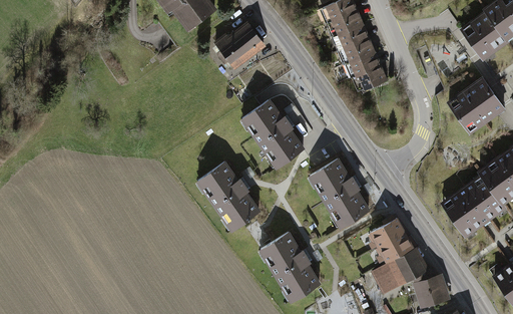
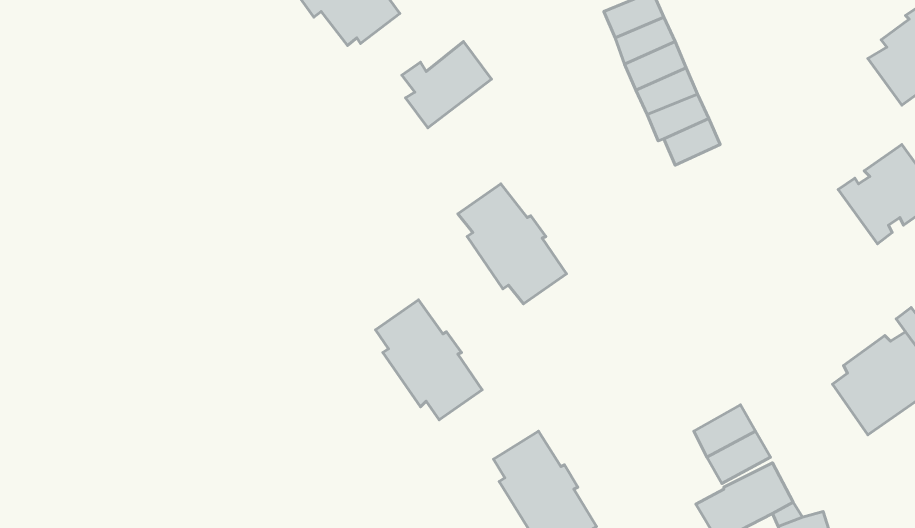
building: [314,159,369,224] -> none

